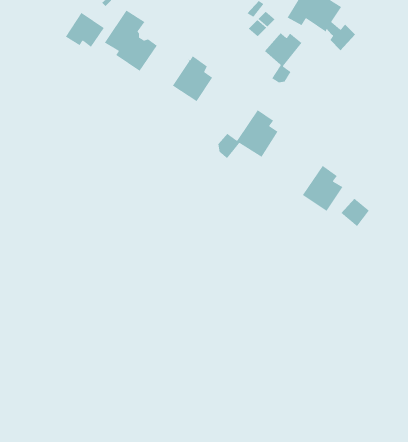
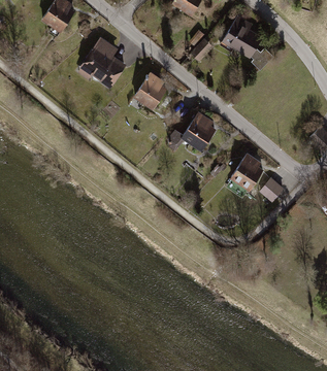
building: [65,12,105,48] -> none
building: [264,32,302,83] -> none

